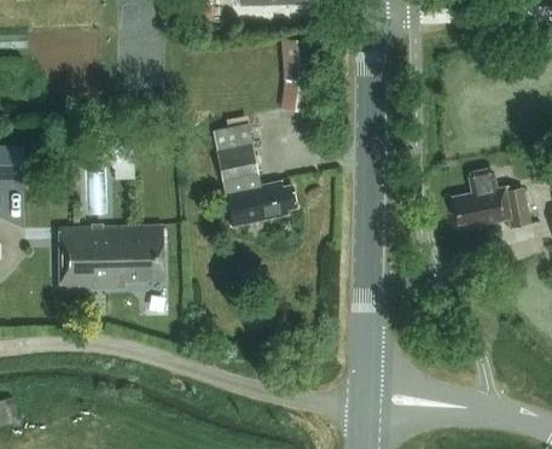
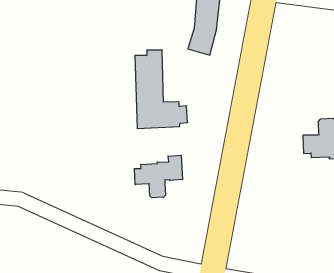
building: [68,226,163,285] -> none
building: none -> [134,155,182,198]

